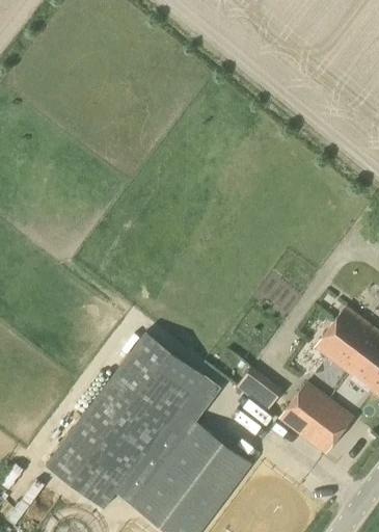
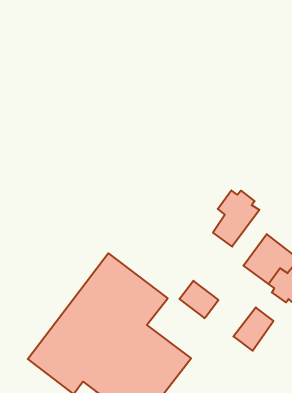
building: none -> [213,190,259,247]
building: [279,382,330,436] -> none

